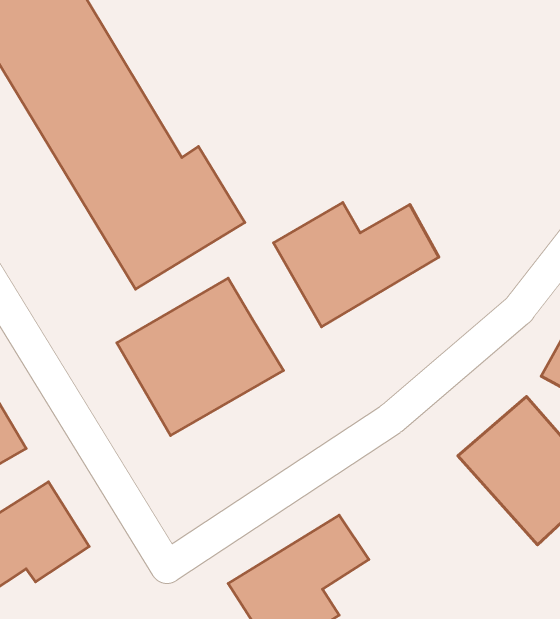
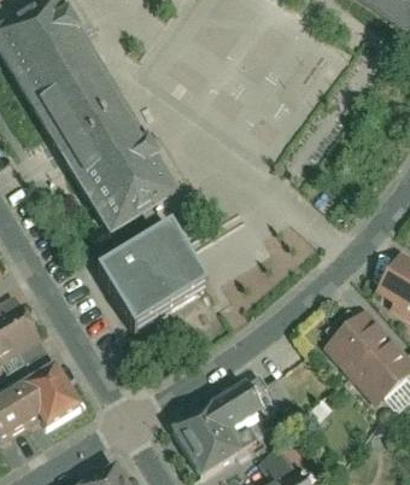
building: [274,203,439,327] -> none

